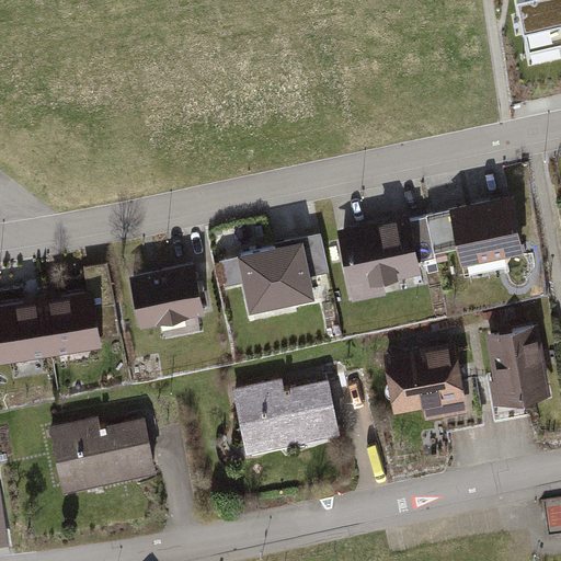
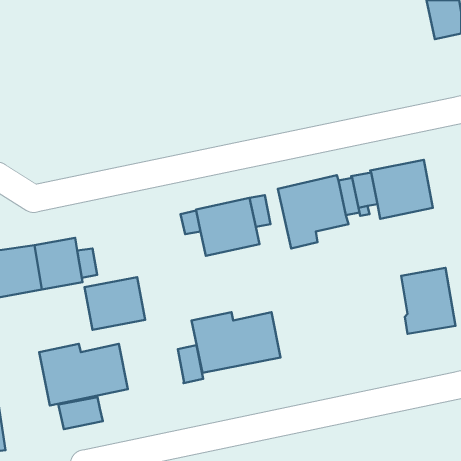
building: [129,265,203,329] -> [84,277,145,330]
building: [385,344,469,421] -> none
building: none -> [178,345,203,383]
building: none -> [58,397,103,429]

